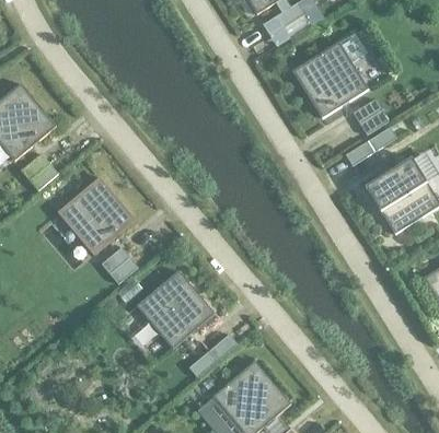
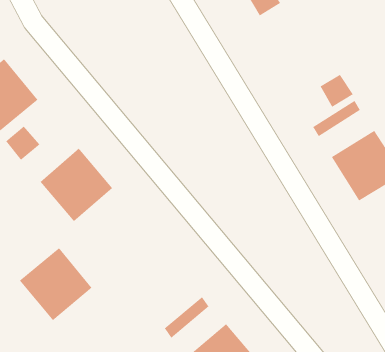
building: [291,33,368,118] -> none
building: [101,246,138,283] -> none
building: [136,270,213,348] -> [19,247,92,321]

